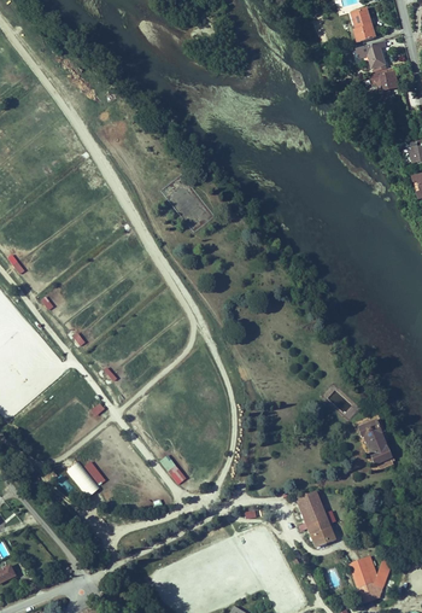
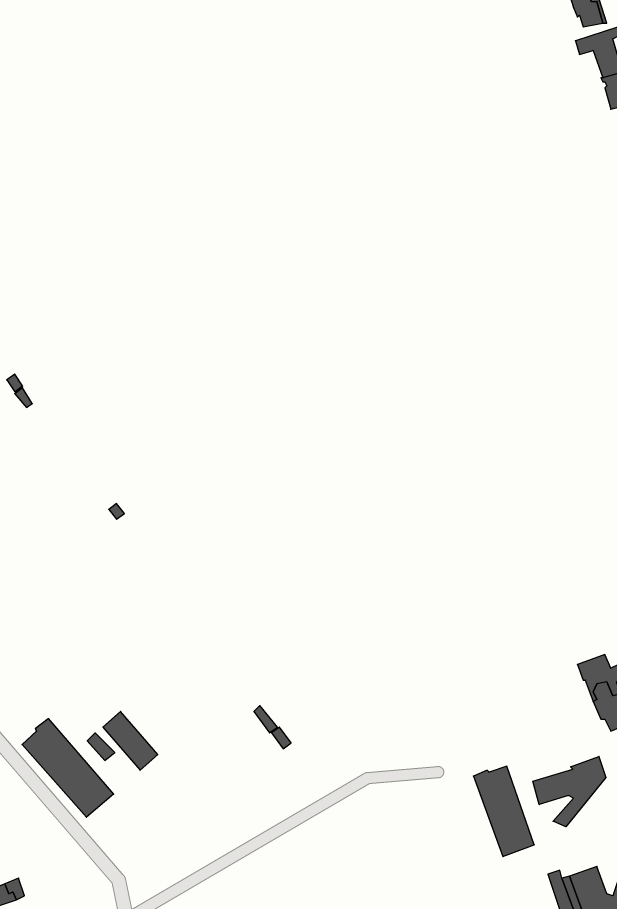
building: none -> [22,719,114,817]
building: none -> [533,756,606,827]

